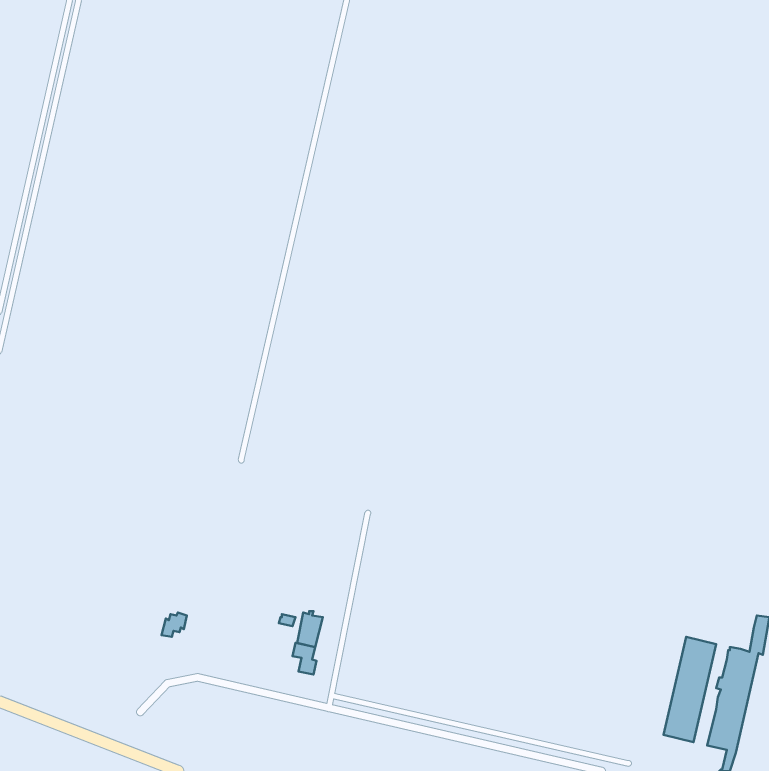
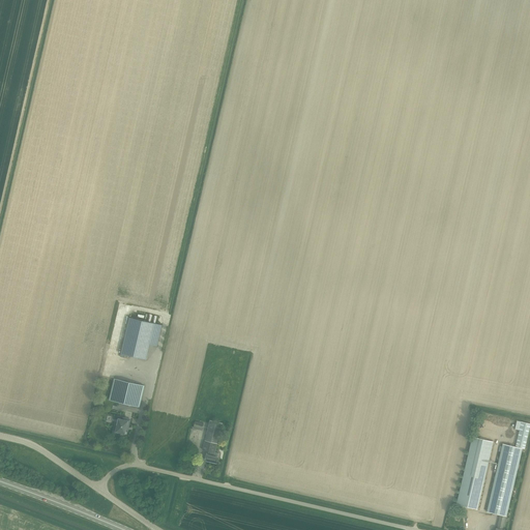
building: none -> [119,318,160,359]
building: none -> [108,379,143,407]

